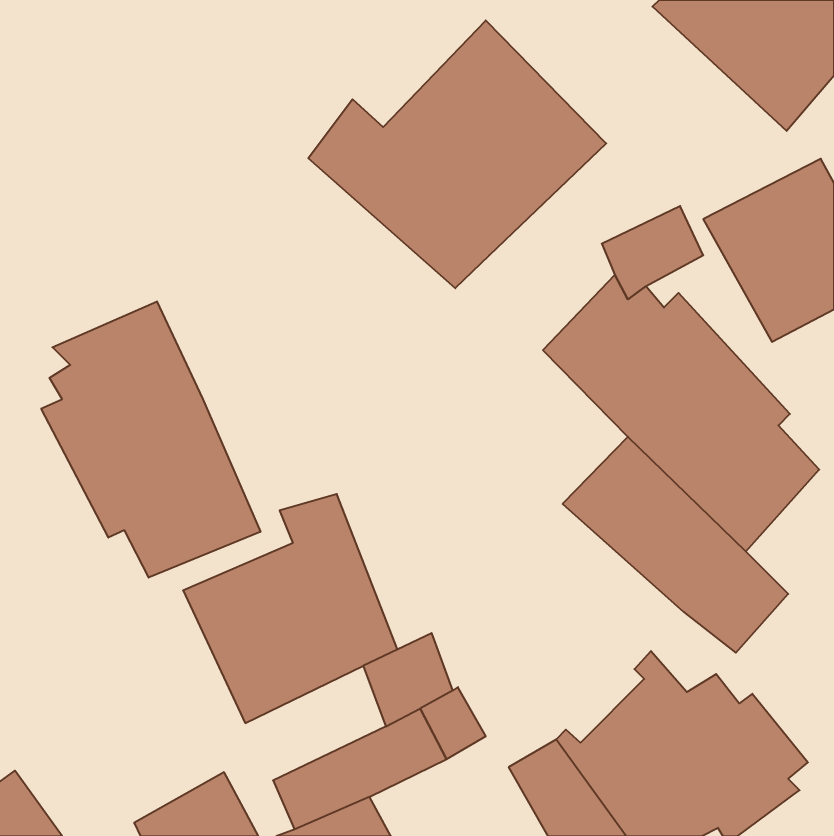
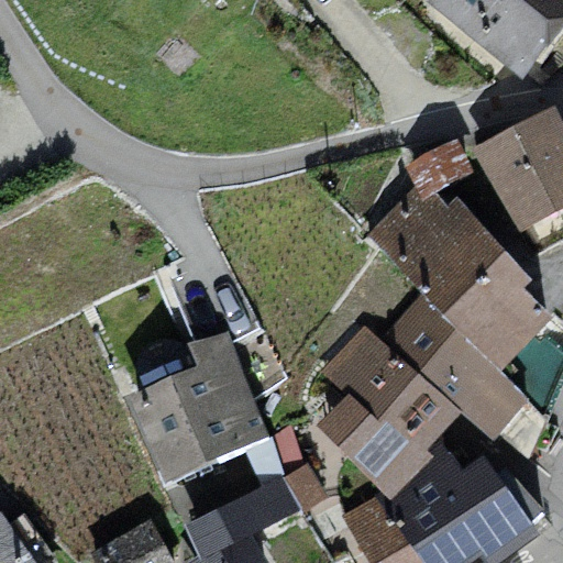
building: [308,20,606,288] -> none
building: [41,301,260,578] -> none
building: none -> [317,324,460,499]

